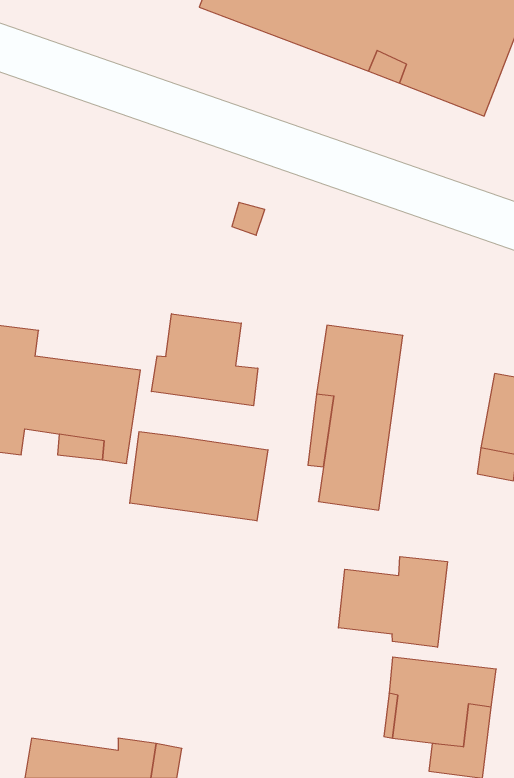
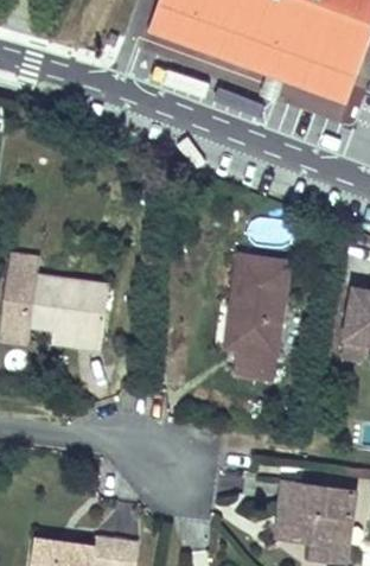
building: [151,314,258,406] -> none
building: [130,432,268,521] -> none
building: [338,557,447,647] -> none

